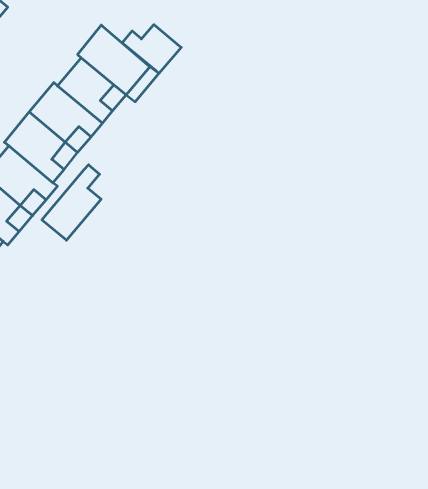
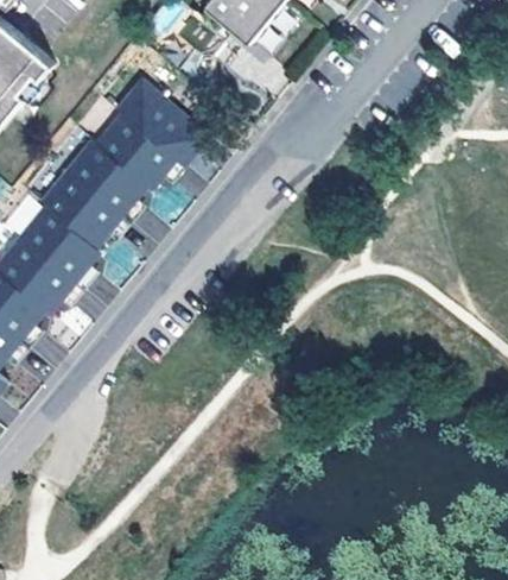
building: [122,25,181,74] -> none
building: [42,165,101,240] -> none

